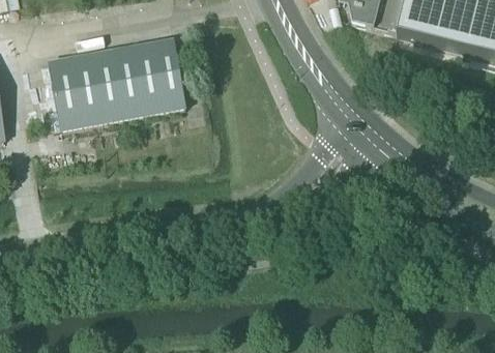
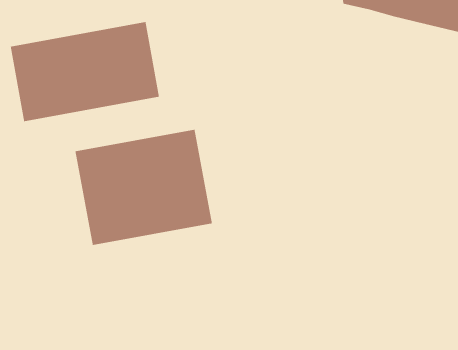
building: none -> [75,129,213,246]

